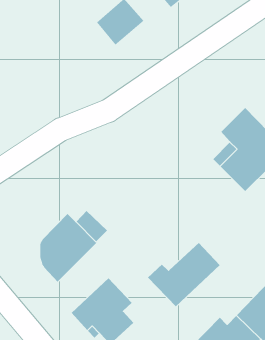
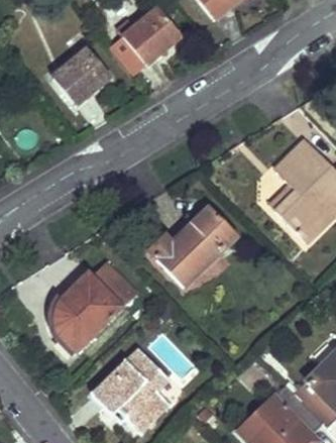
building: none -> [52,45,111,103]
building: [147,242,220,307] -> [145,208,235,288]

